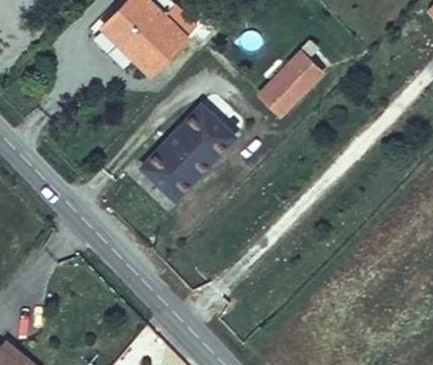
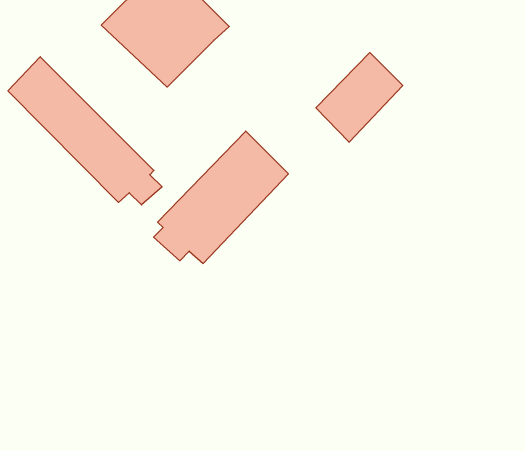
building: none -> [8,57,162,205]

